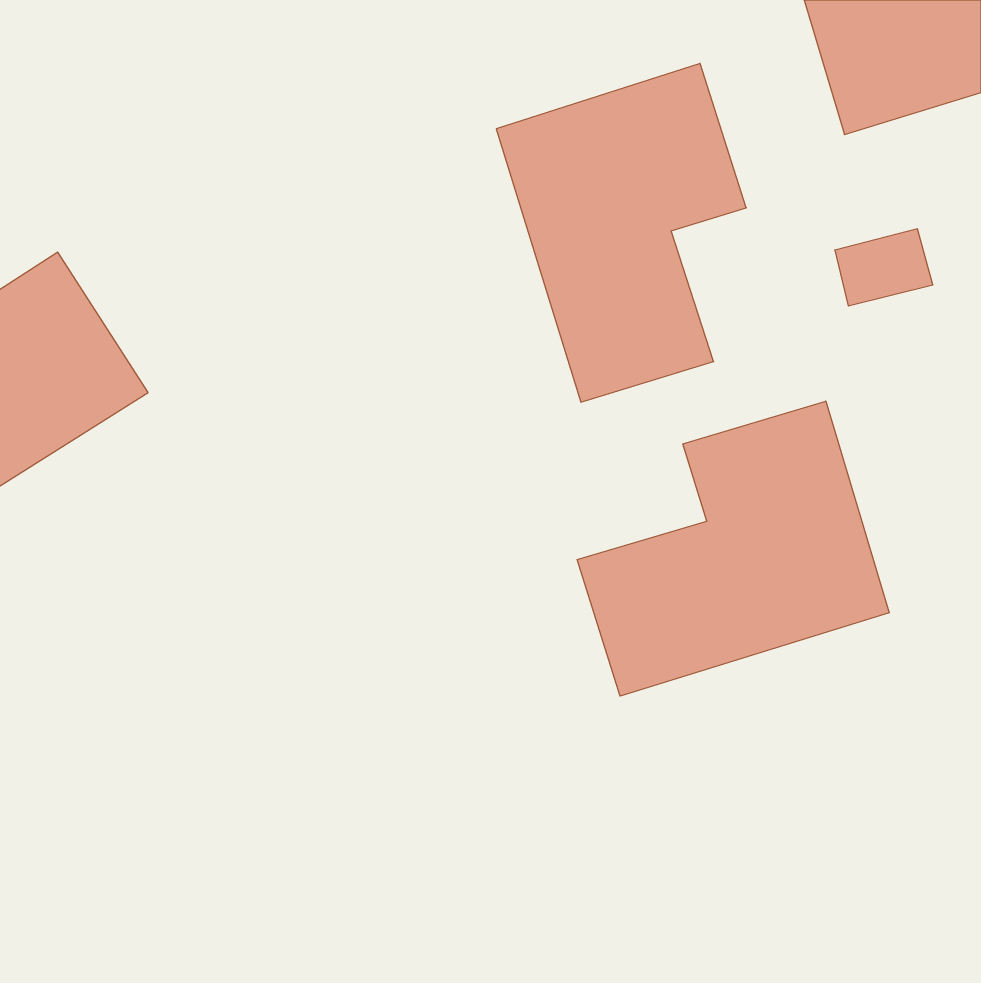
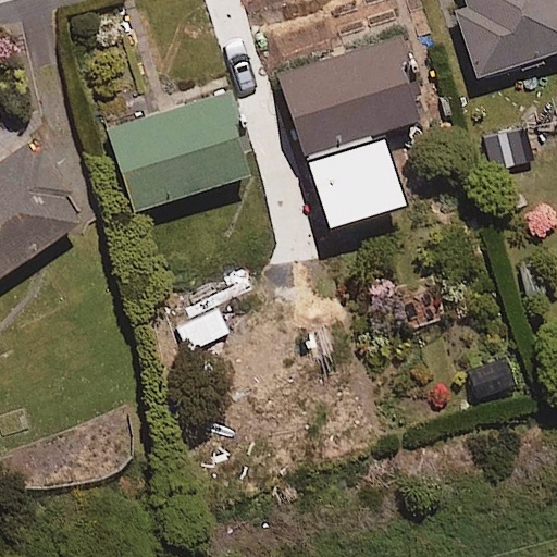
building: none -> [107,92,252,212]
building: [577,401,889,696] -> none

